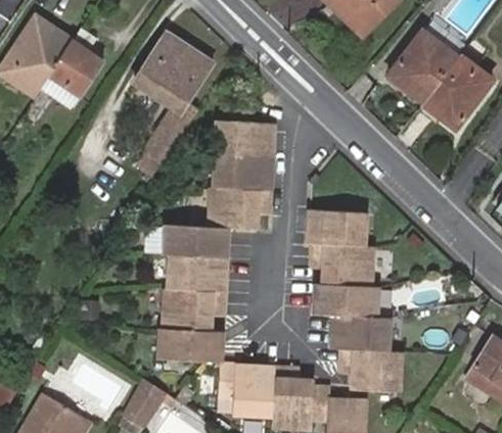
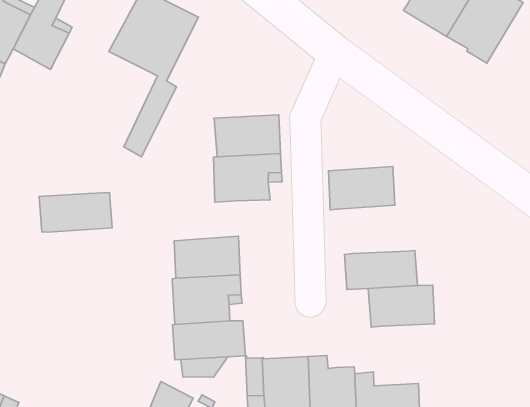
building: [216,118,273,155] -> none
building: [165,223,227,256] -> [39,193,112,232]
building: [313,242,373,285] -> none
building: [341,347,401,390] -> none

